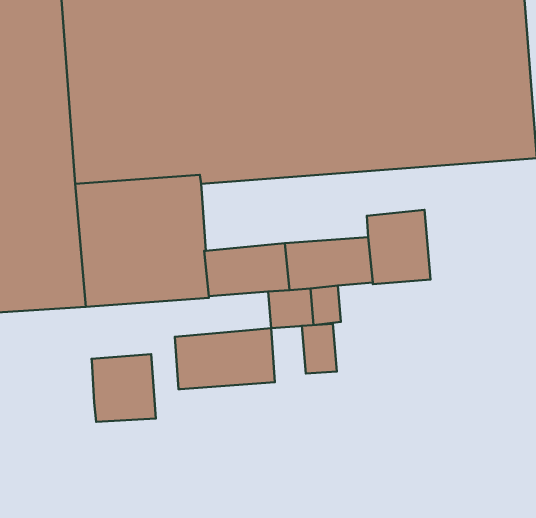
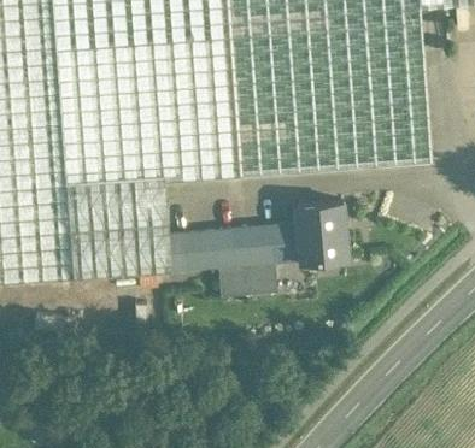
building: [302,324,337,373] -> none
building: [175,328,275,389] -> none
building: [92,354,156,422] -> none

